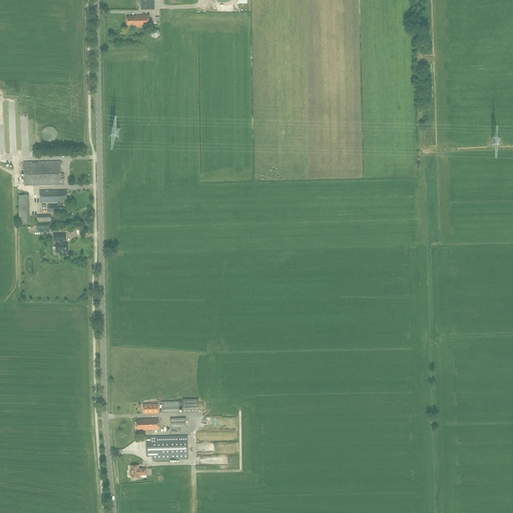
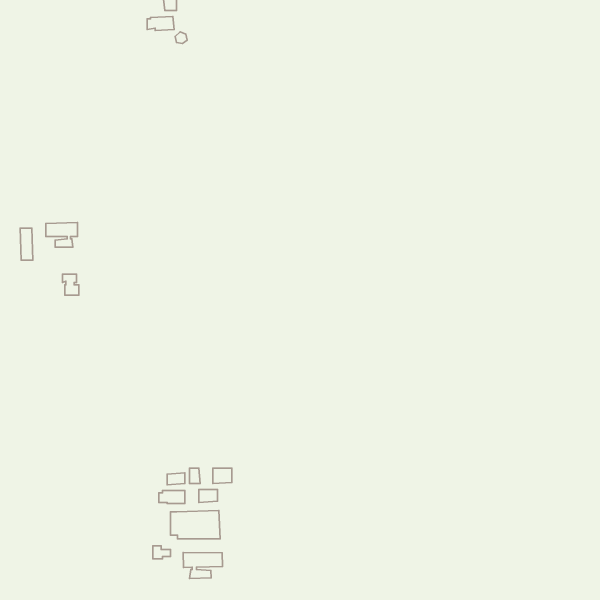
building: [23,160,63,184] -> none
building: none -> [183,552,222,578]

